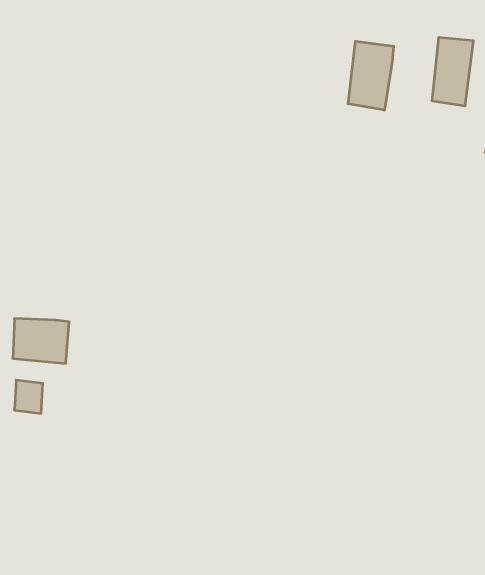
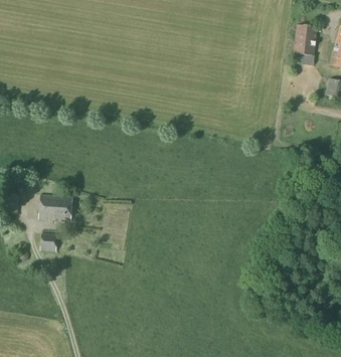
building: [348,41,394,110] -> none

